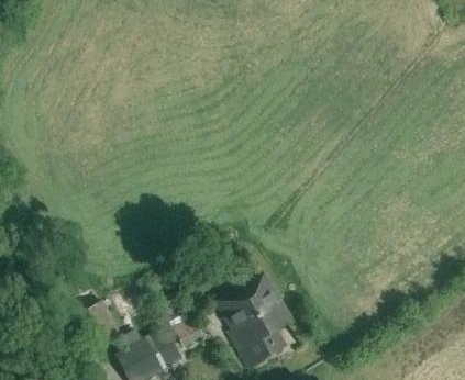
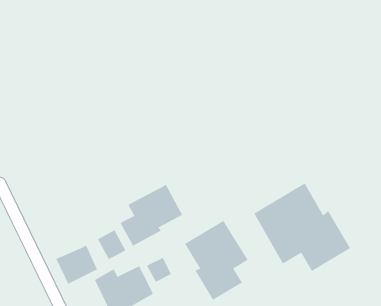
building: none -> [254,183,351,272]
building: none -> [120,184,183,247]

